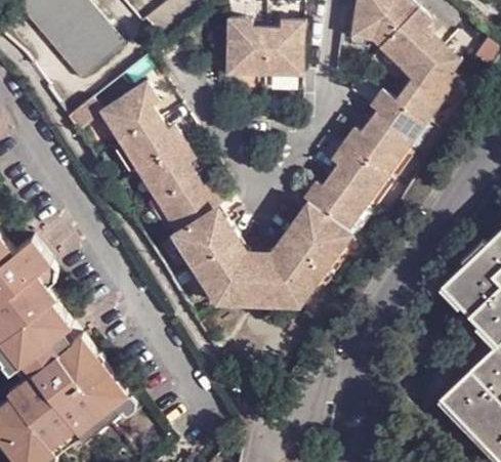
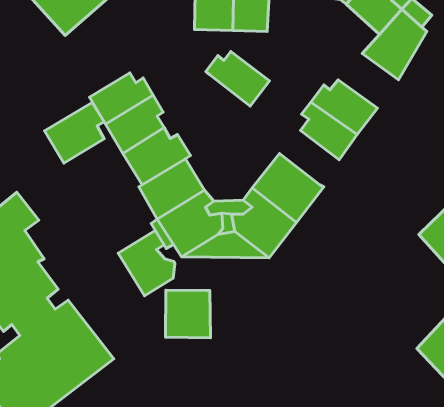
building: [95,82,156,143] -> [45,103,104,163]
building: [367,93,428,155] -> none
building: [303,177,368,233] -> [206,51,269,106]
building: none -> [118,230,175,296]
building: none -> [165,290,210,338]

